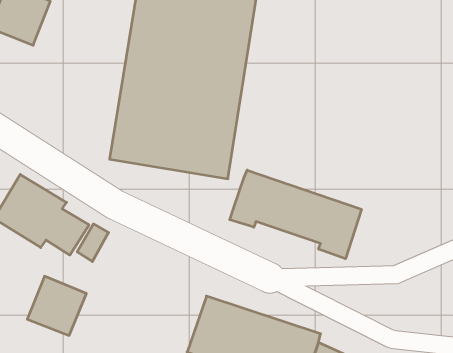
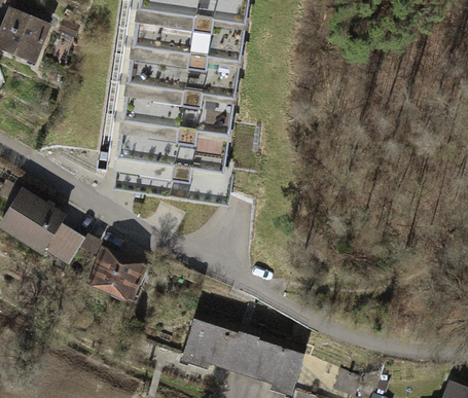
building: [230,170,361,259] -> none
building: [27,276,86,335] -> [88,250,145,306]

